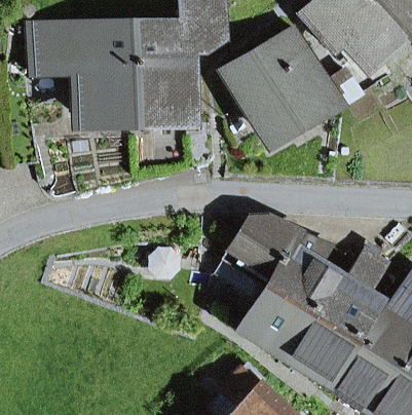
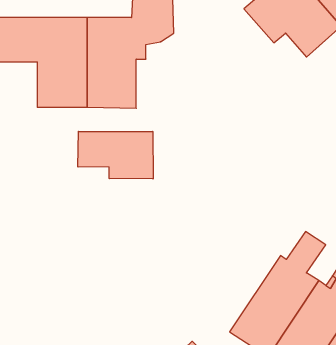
building: [228,29,340,142] -> none
building: none -> [78,131,153,179]
building: [226,221,338,359] -> none

